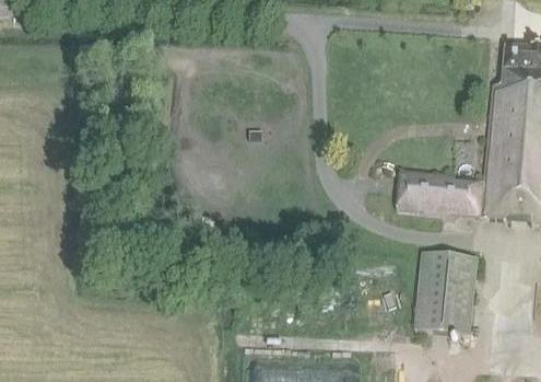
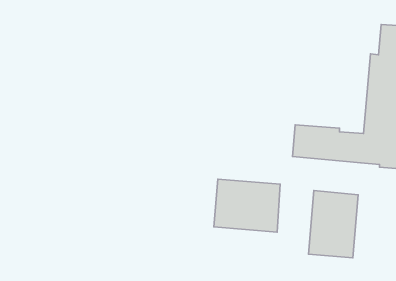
building: none -> [214,179,280,232]

